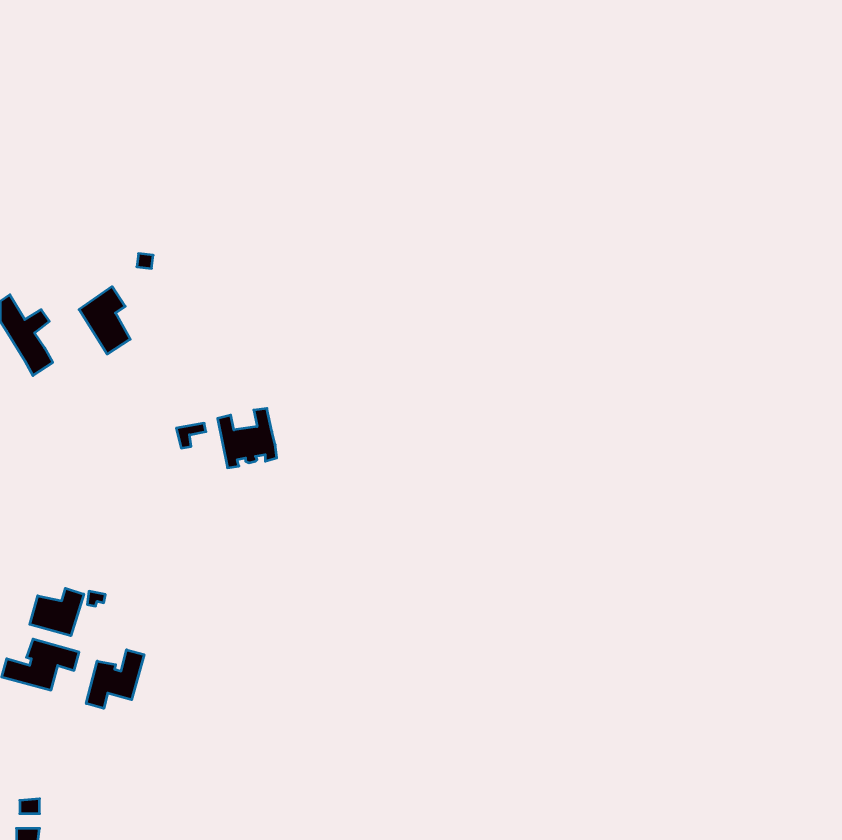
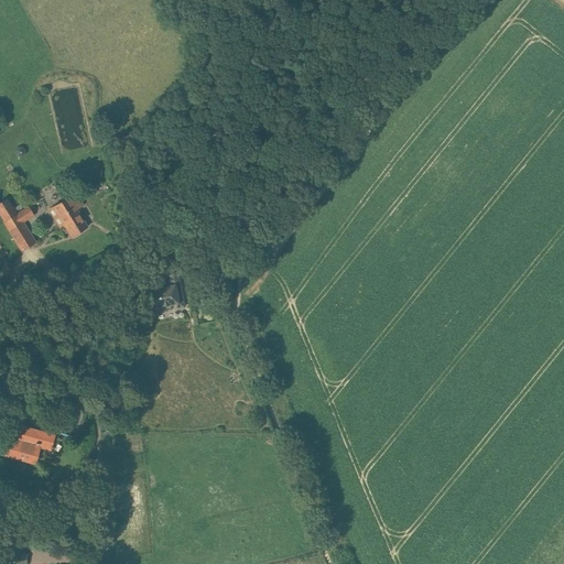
building: [30,588,84,636] -> none
building: [86,650,144,708] -> none

